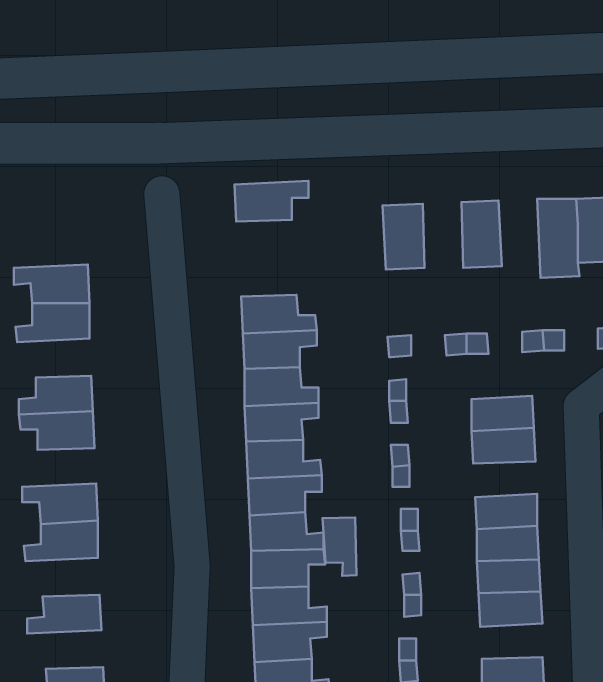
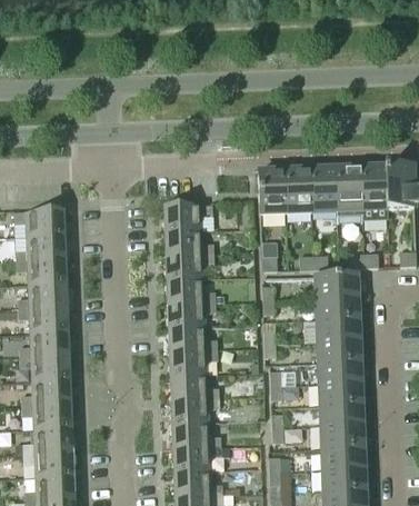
building: [235,181,309,221] -> [163,204,212,230]
building: none -> [335,166,362,221]
building: none -> [285,168,311,211]
building: none -> [17,258,66,284]
building: none -> [316,274,357,298]
building: none -> [19,330,69,356]
building: none -> [318,339,360,363]
building: [323,517,356,576] -> none
building: none -> [22,403,71,428]
building: none -> [322,446,363,469]
building: none -> [23,450,73,476]

